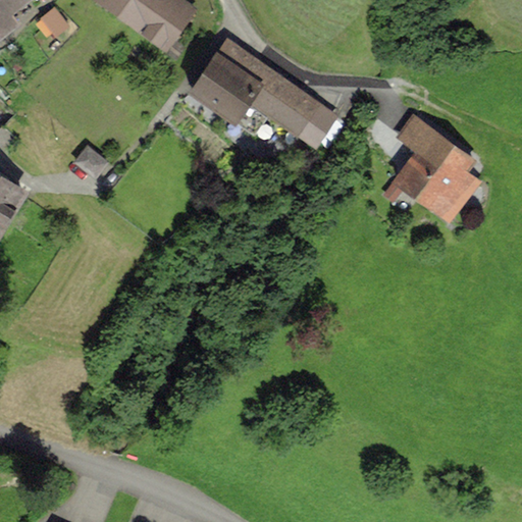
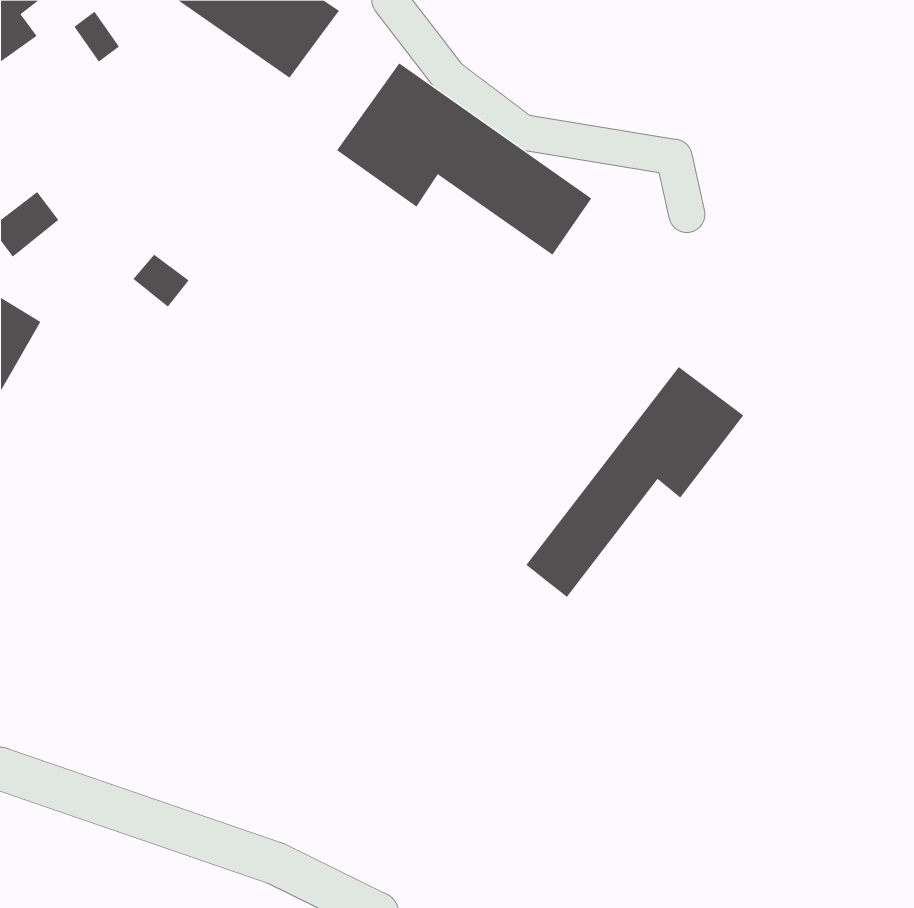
building: [390,111,480,224] -> none
building: none -> [526,366,744,598]

